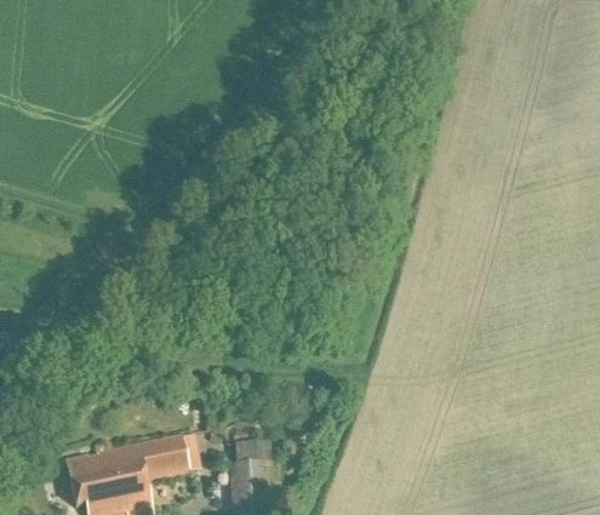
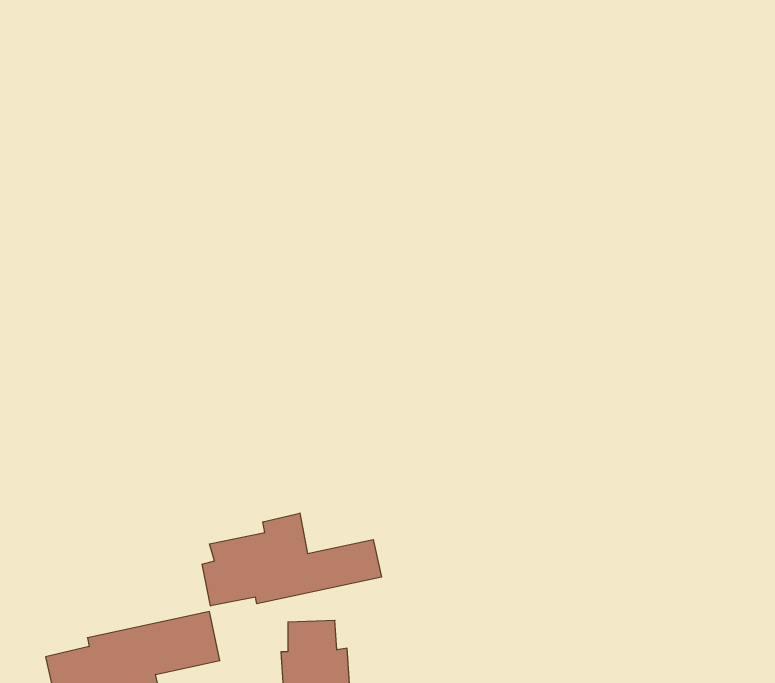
building: none -> [202,513,381,606]

